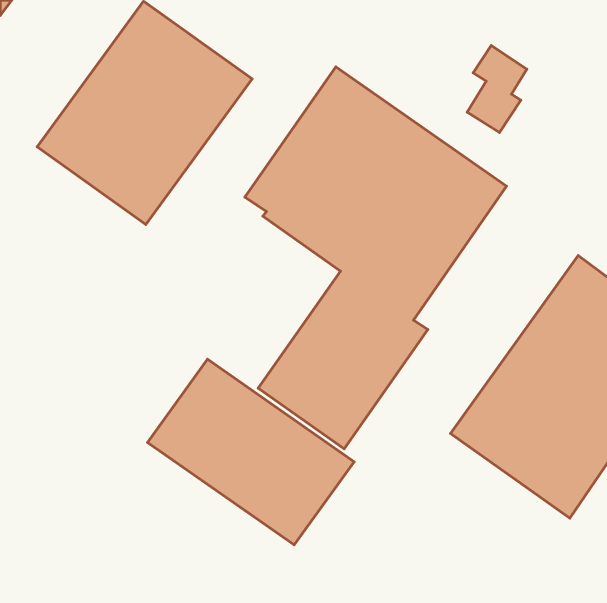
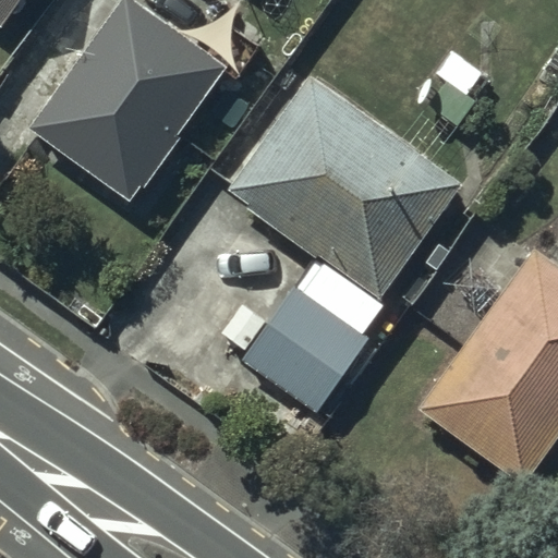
building: [147,359,354,545] -> none

